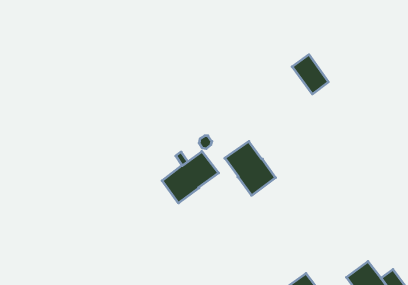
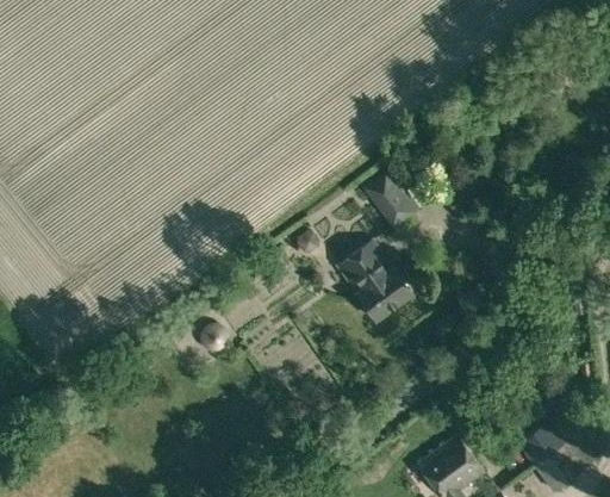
building: [292,55,328,94] -> [365,170,418,229]
building: [162,151,219,203] -> none

